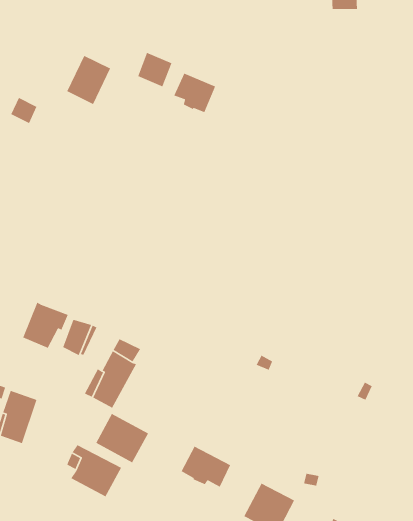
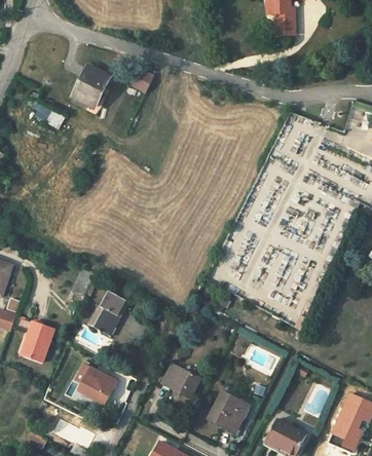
building: [173,72,216,113] -> none
building: [22,302,69,349] -> none
building: [95,413,149,463] -> none

